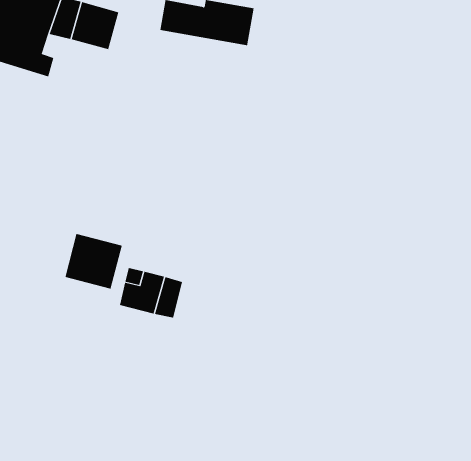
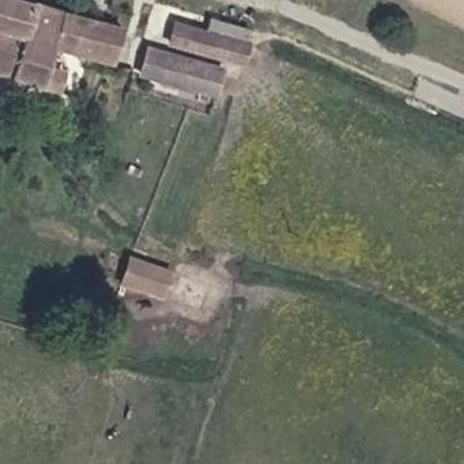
building: none -> [133,45,221,91]
building: [65,233,122,290] -> none

